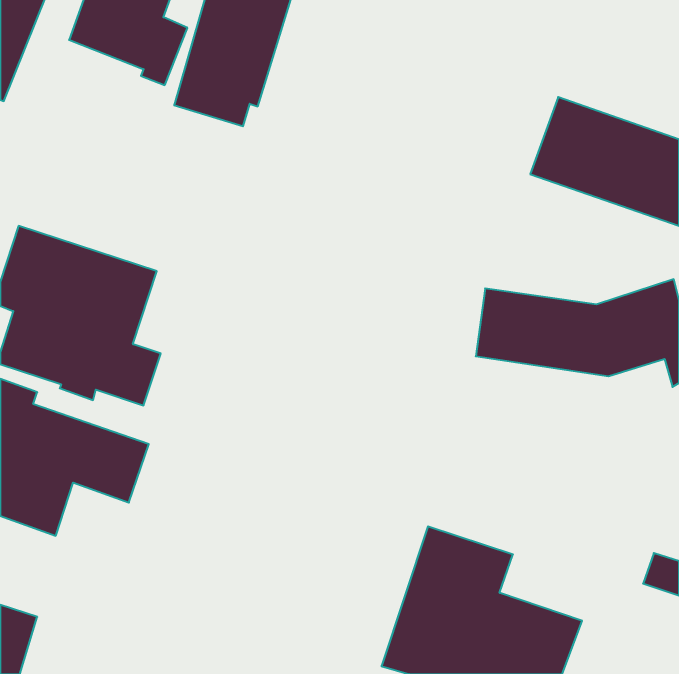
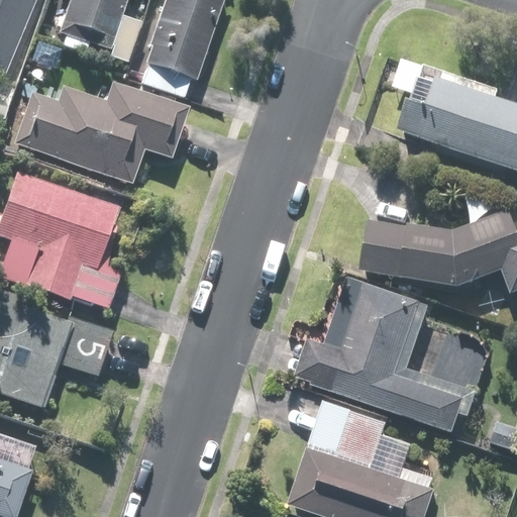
building: none -> [16,79,190,184]
building: none -> [296,277,494,432]

